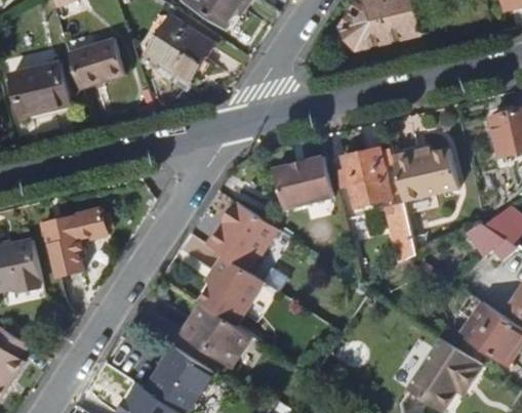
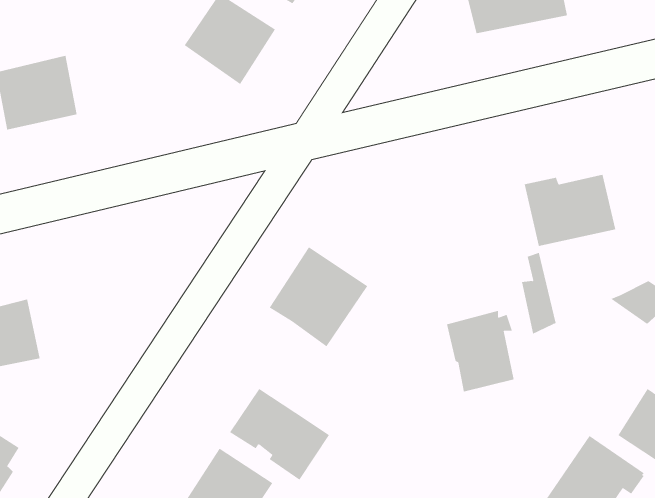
building: [68,41,124,91] -> none
building: [342,147,391,206] -> [446,310,514,392]
building: [275,154,334,208] -> none
building: [40,209,105,276] -> none
building: [198,254,264,326] -> none

